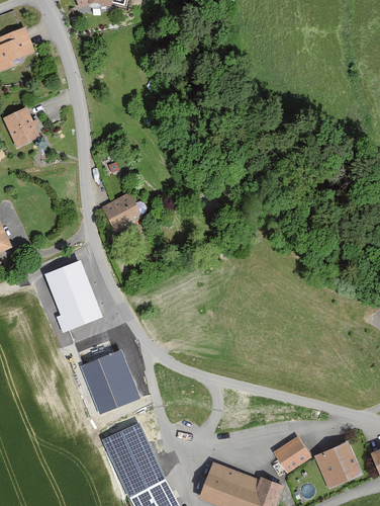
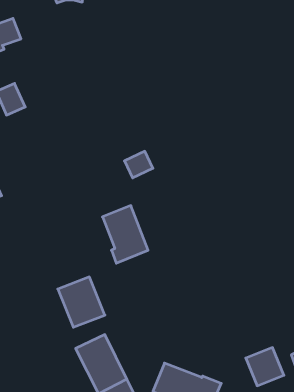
building: [104,196,139,230] -> [124,151,153,178]
building: [44,260,101,332] -> [102,206,148,263]
building: [271,432,312,472] -> none

